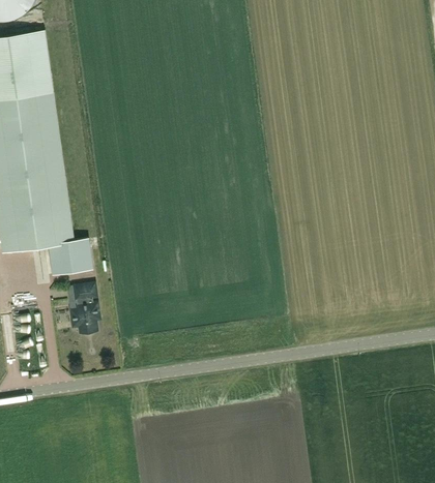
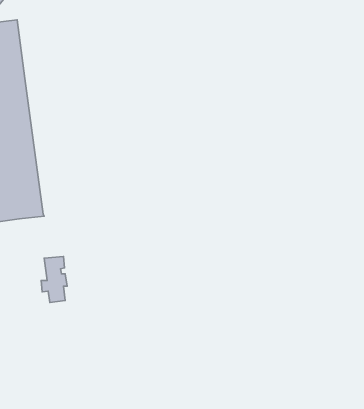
building: [48,237,93,275] -> none

